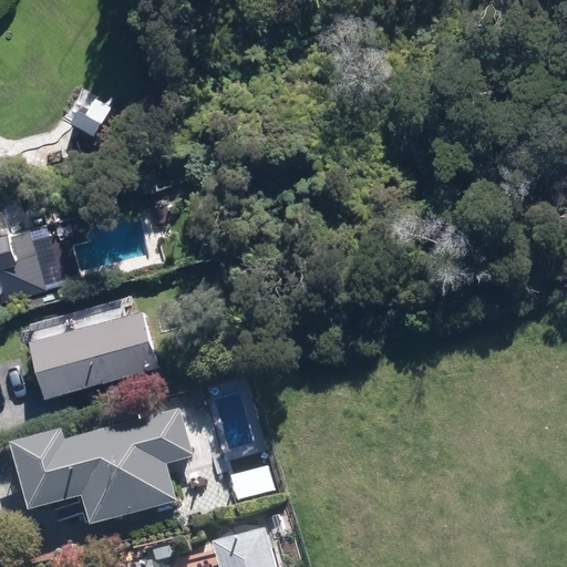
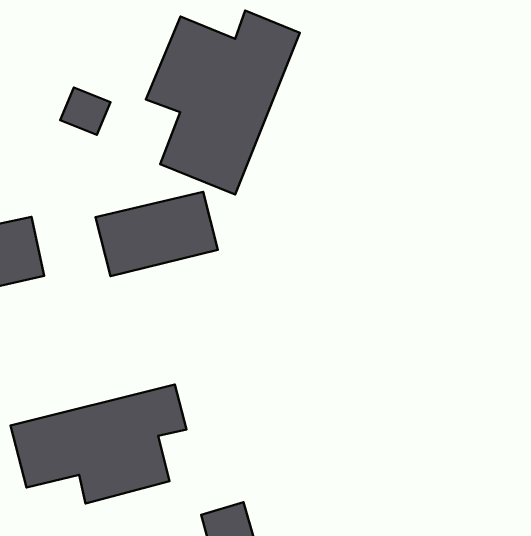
building: none -> [146,11,300,195]
building: [27,307,155,395] -> [96,192,218,276]

